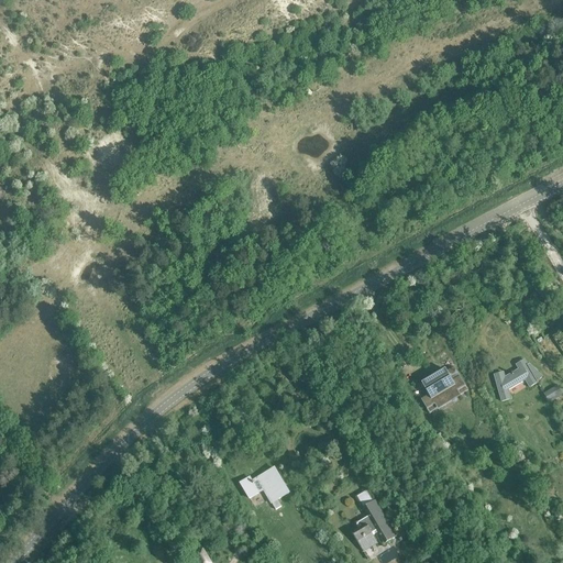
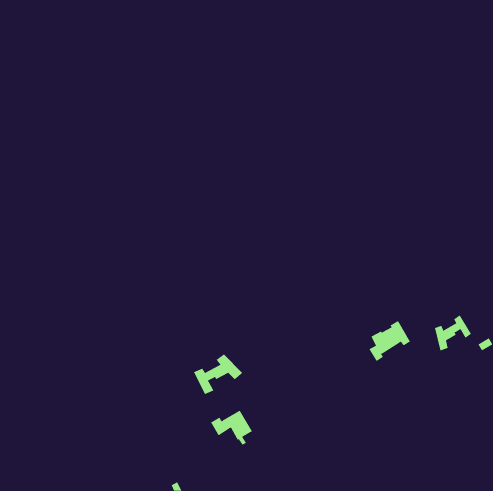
building: none -> [193,354,243,395]
building: [353,500,395,550] -> none

